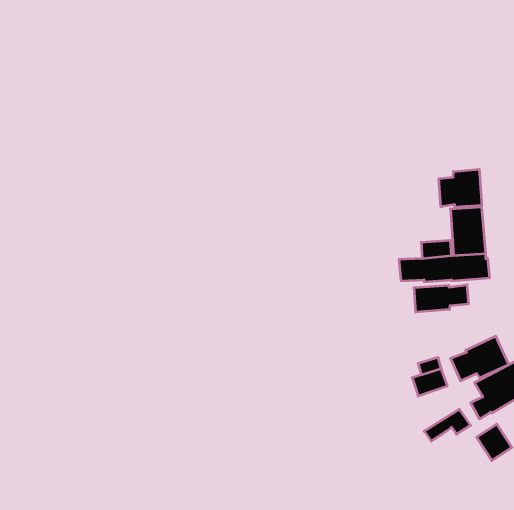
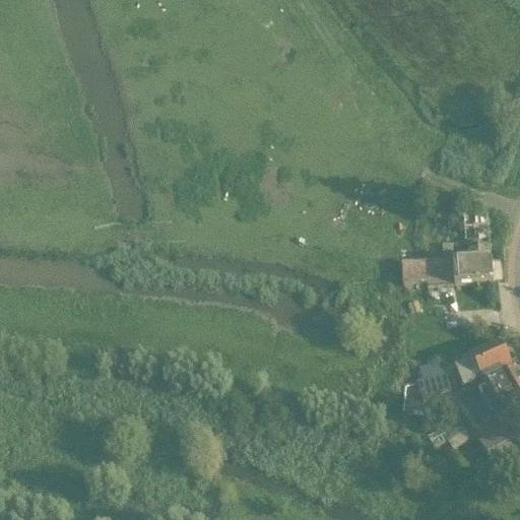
building: [439,169,482,207] -> none
building: [414,285,468,312] -> none

